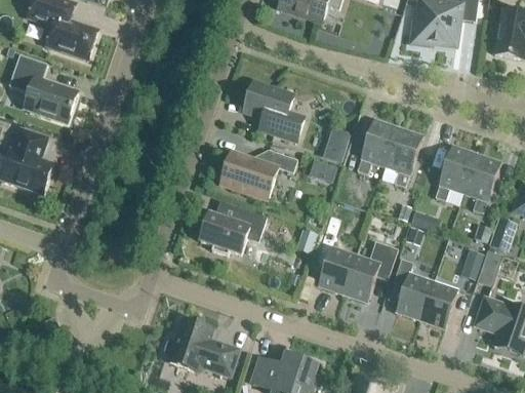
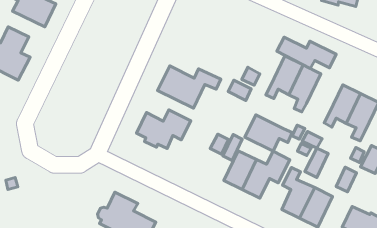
building: [244,82,304,143] -> none
building: none -> [277,37,336,68]
building: none -> [245,115,292,151]
building: [476,250,502,287] -> [305,148,328,177]

